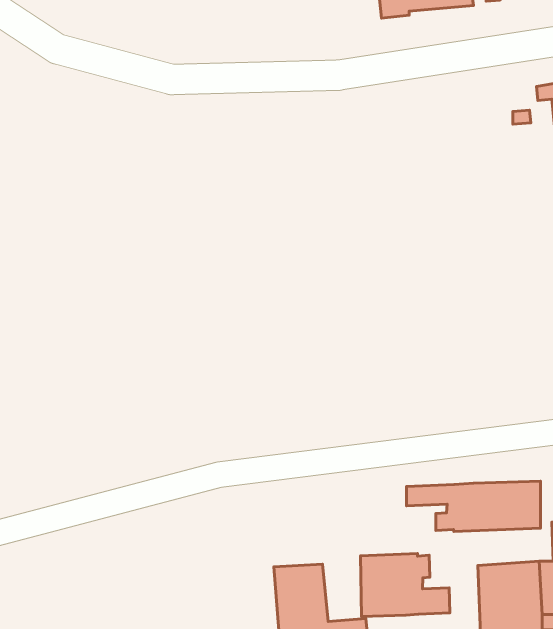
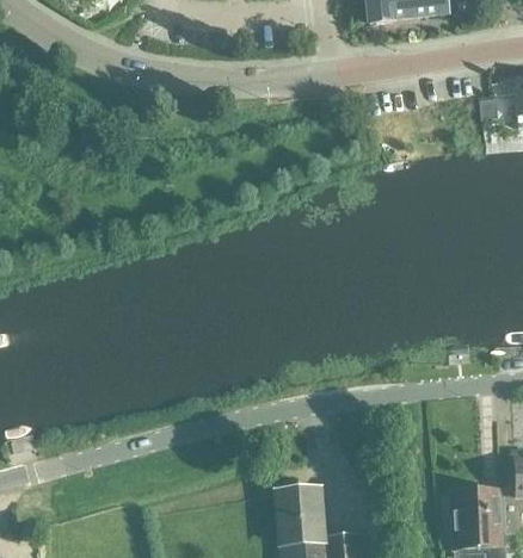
building: [406,481,541,532] -> none
building: [361,554,450,616] -> none

